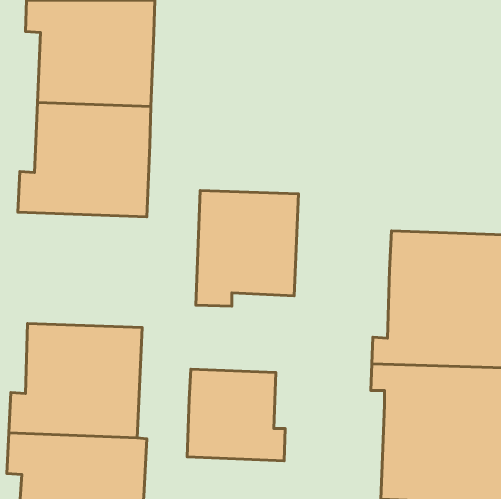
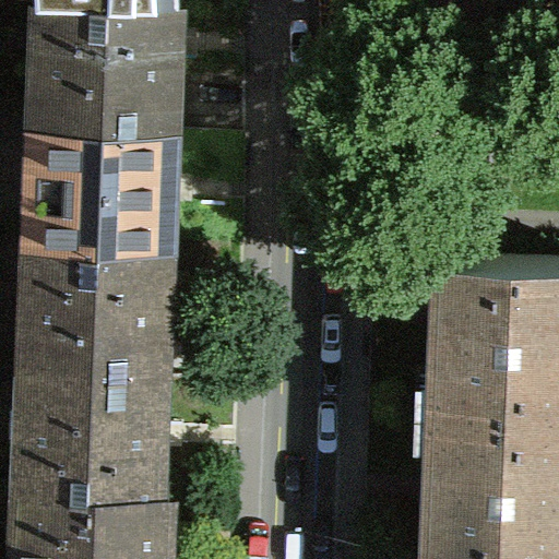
building: [196,191,298,306] -> none
building: none -> [21,240,166,368]
building: [187,369,285,461] -> none

